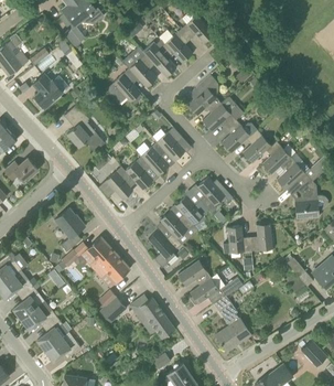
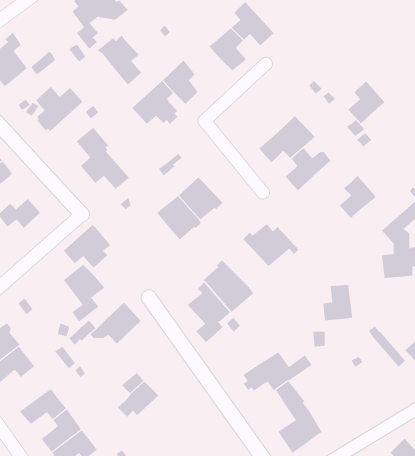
building: [142,40,176,78] -> [97,35,142,86]
building: [187,75,222,116] -> none
building: [157,128,192,161] -> none
building: [243,130,271,163] -> [348,80,386,124]
building: [277,153,310,191] -> none
building: [99,168,136,201] -> [63,225,111,268]
building: [175,190,209,226] -> none
building: [227,226,251,254] -> none
building: [95,251,130,281] -> none
building: [177,260,212,287] -> none
building: [13,286,45,320] -> none
building: [130,294,175,340] -> none

